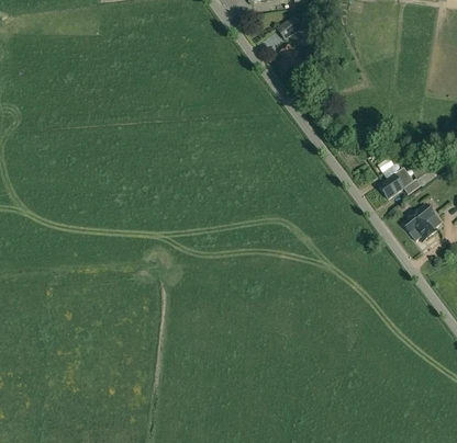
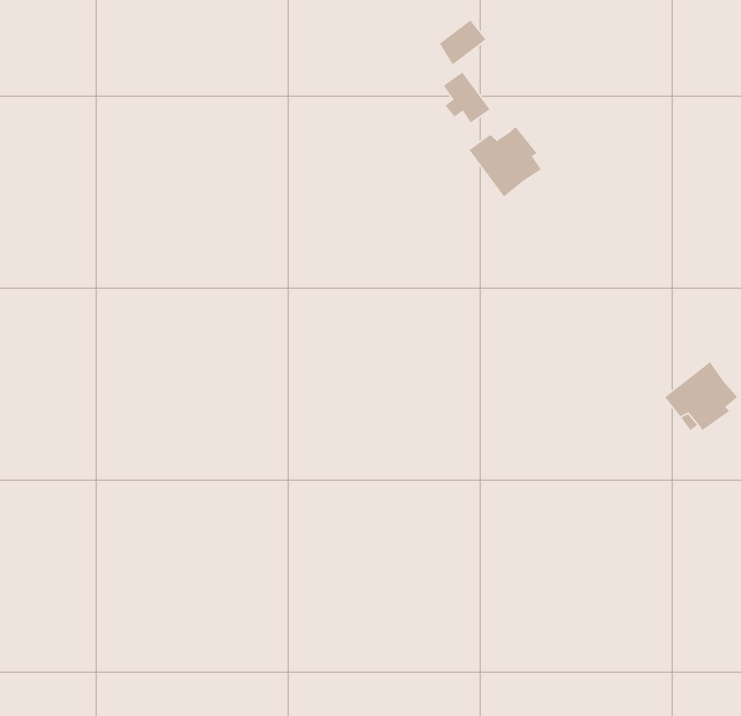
building: none -> [469,126,542,198]
building: [379,173,422,198] -> none

